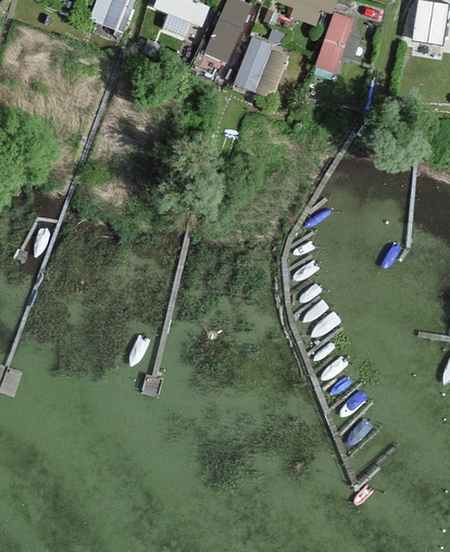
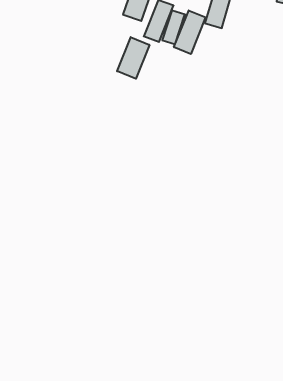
building: none -> [174,10,205,54]
building: none -> [117,37,149,79]

